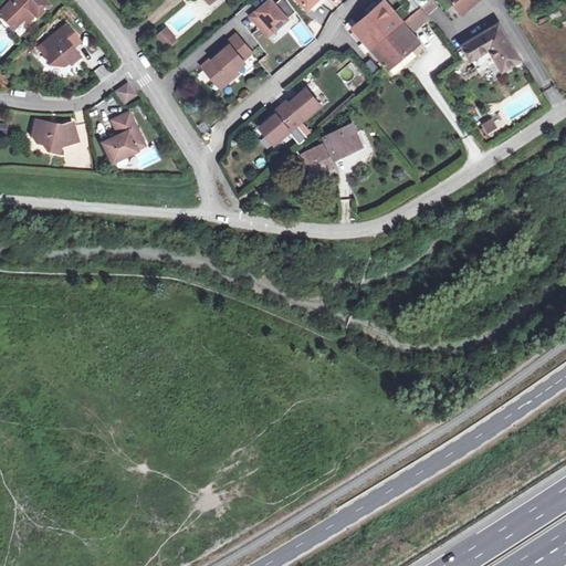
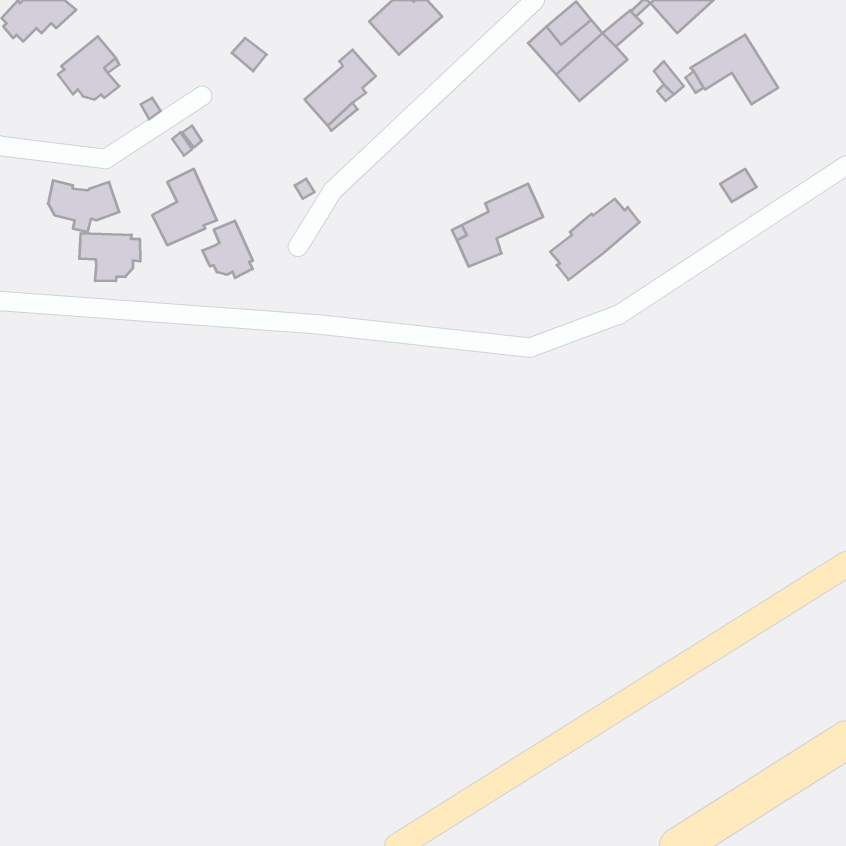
building: [261,88,321,143] -> [550,199,640,280]
building: none -> [202,221,253,278]
building: none -> [79,233,140,281]

